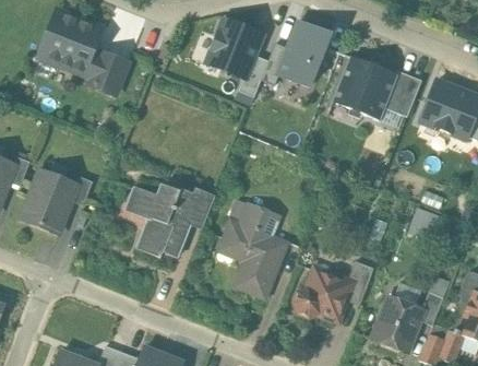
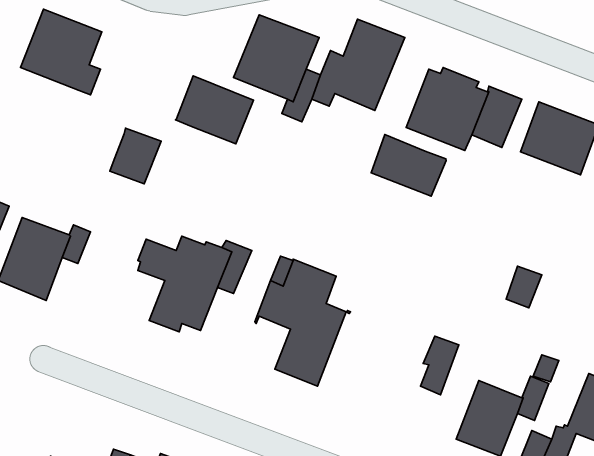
building: [88,52,128,95] -> [110,128,161,184]
building: none -> [175,76,253,144]
building: none -> [371,135,446,196]
building: [294,270,350,319] -> none

